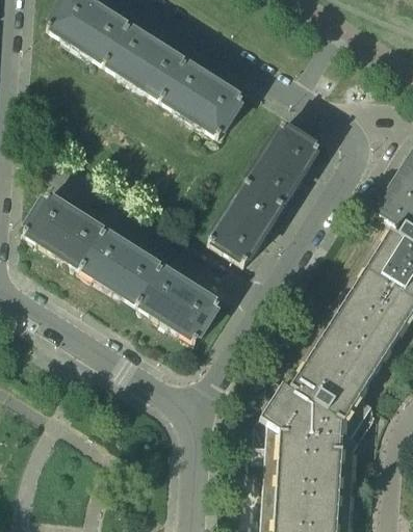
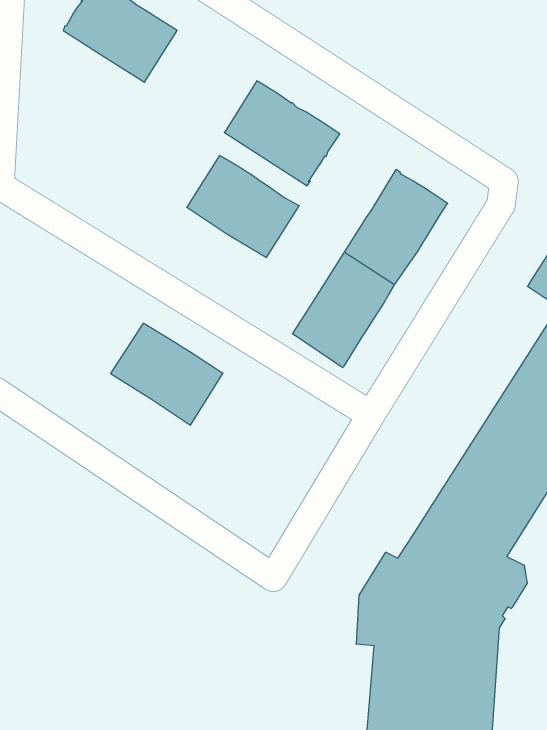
building: [105,26,184,98] -> [187,155,299,257]
building: [24,194,104,267] -> none
building: [137,267,218,340] -> none

